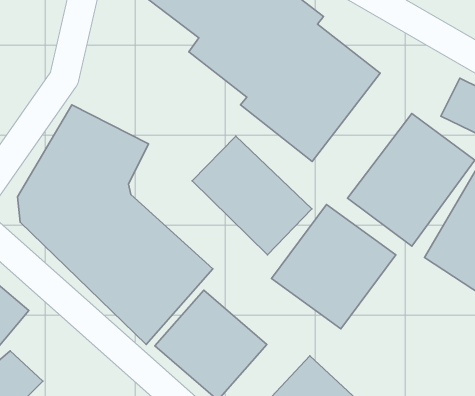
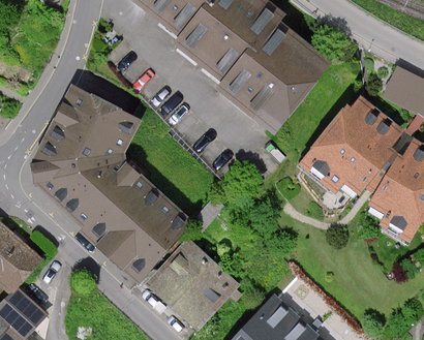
building: [192,136,312,255] -> none
building: [272,204,396,329] -> none

